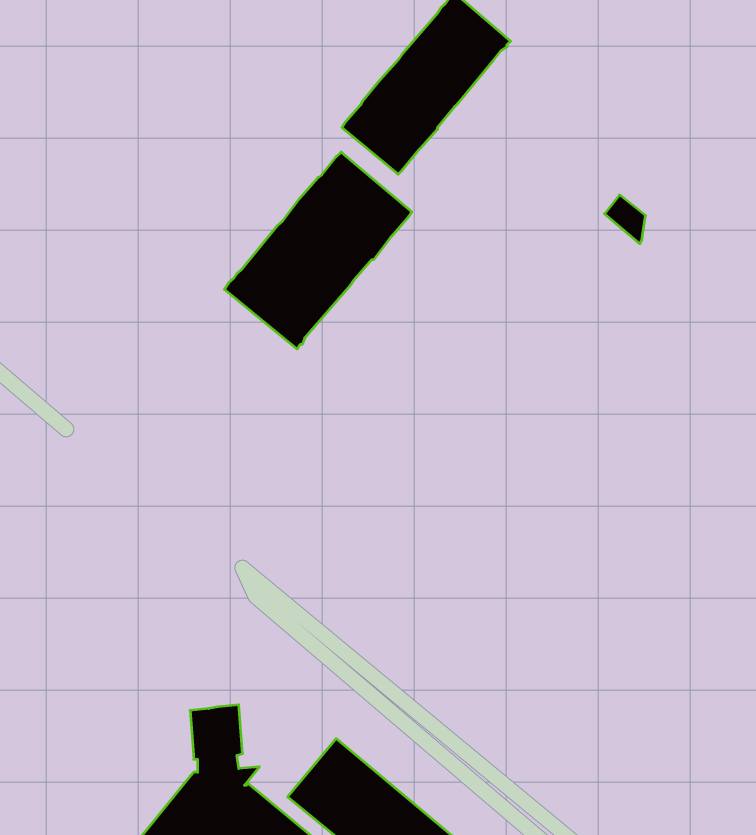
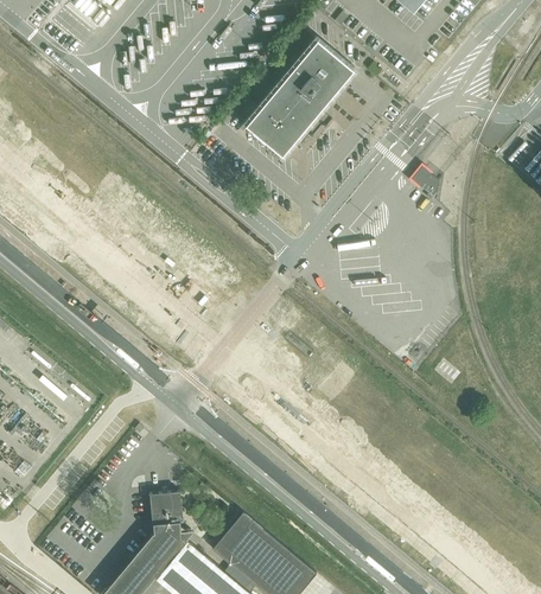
building: [224,152,412,349] -> none

